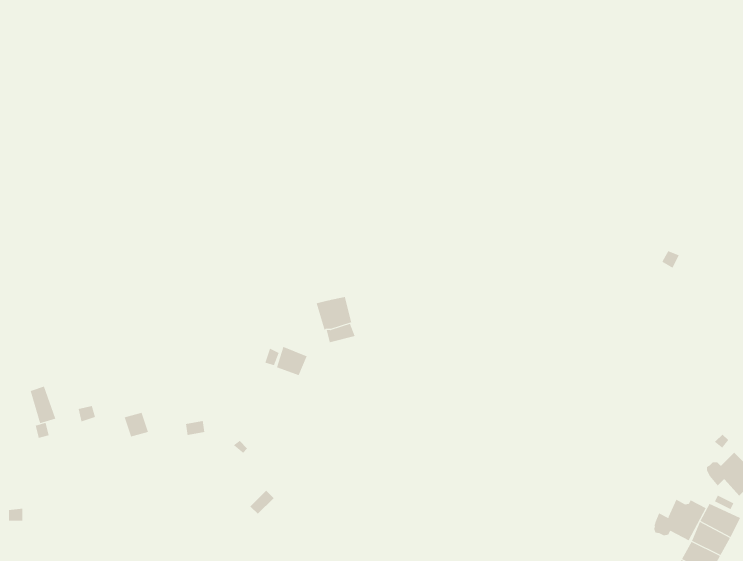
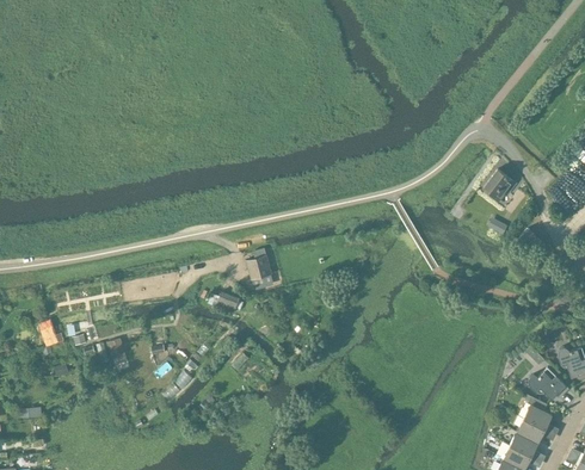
building: none -> [484,169,517,200]
building: [654,499,706,541] -> none

